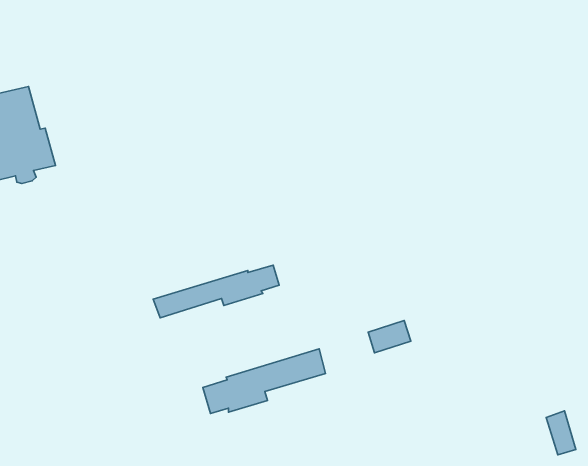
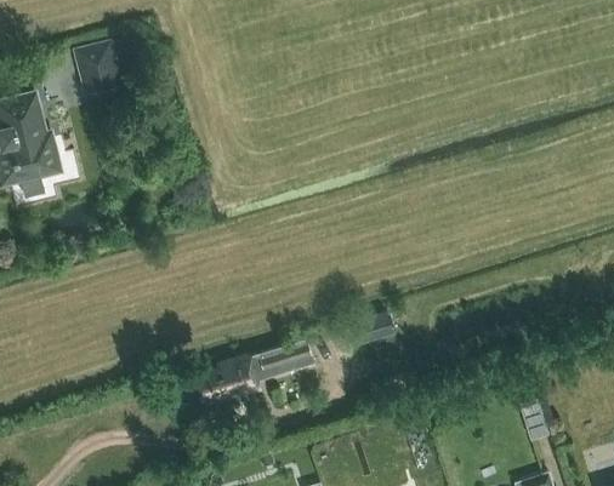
building: none -> [72,39,123,97]
building: [153,265,279,318] -> none

